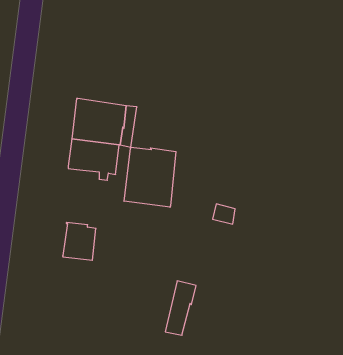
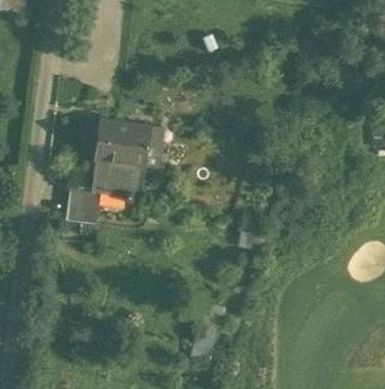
building: [124,147,176,207] -> none
building: [63,222,96,260] -> [65,184,99,223]

